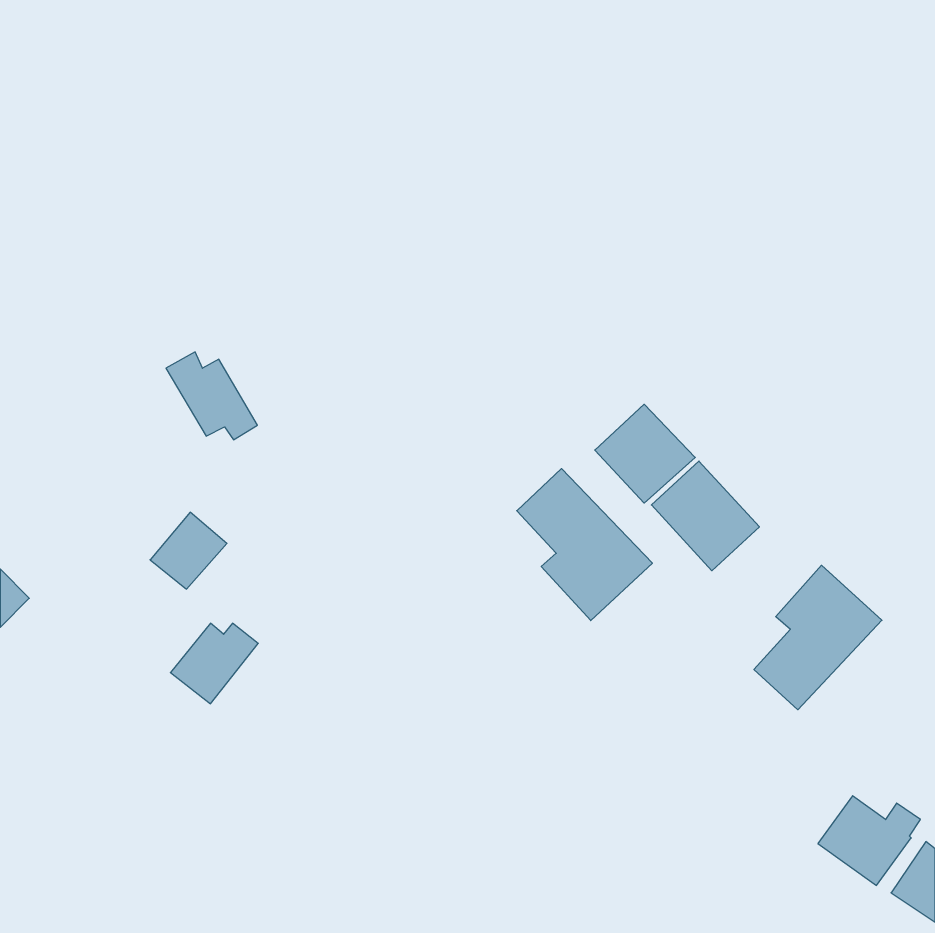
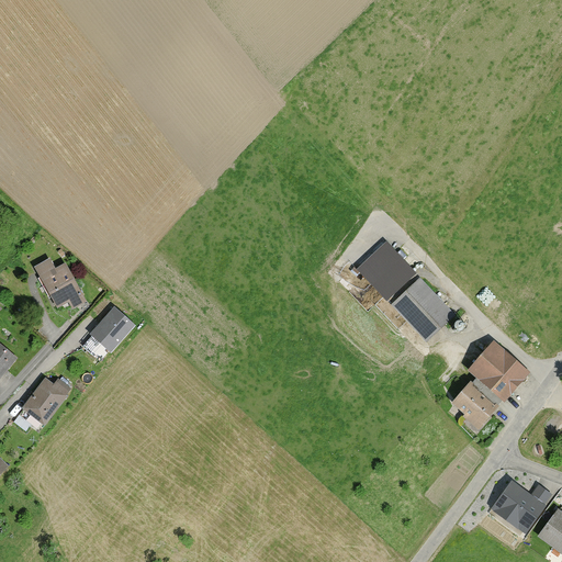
building: [166,352,257,440] -> [32,257,87,310]
building: [517,469,652,621] -> none
building: [170,623,258,704] -> [20,378,72,426]

